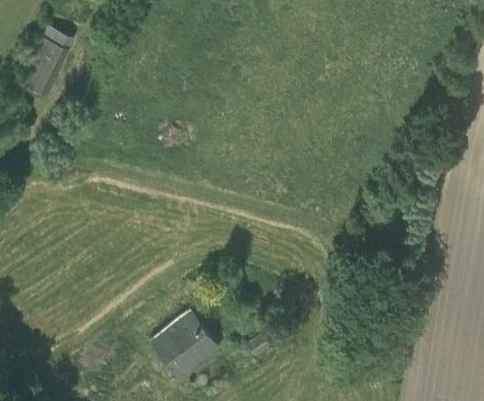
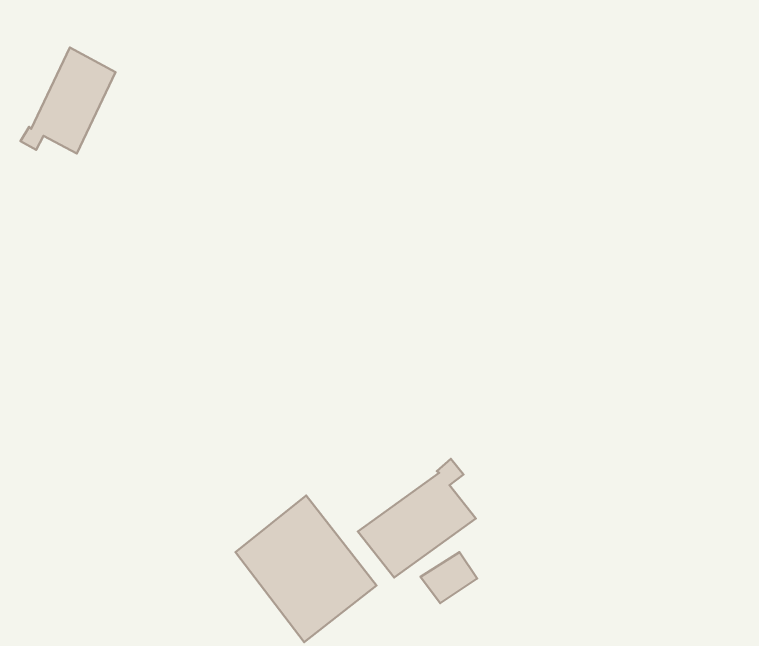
building: none -> [358,459,476,577]

